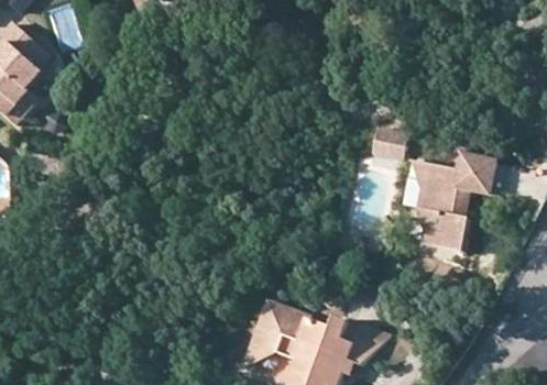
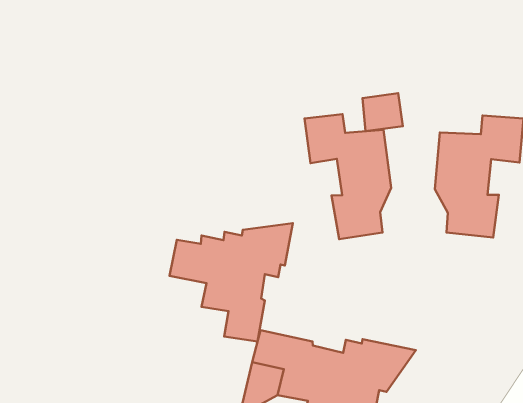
building: none -> [304,114,391,239]
building: none -> [170,223,293,342]

